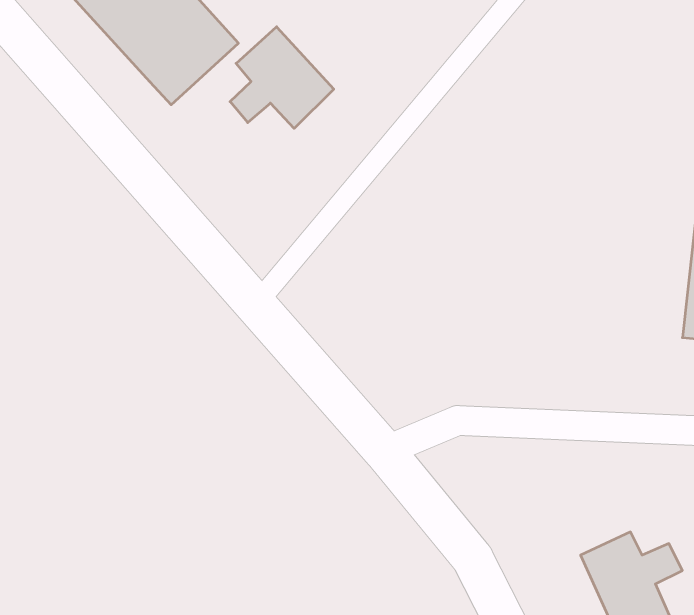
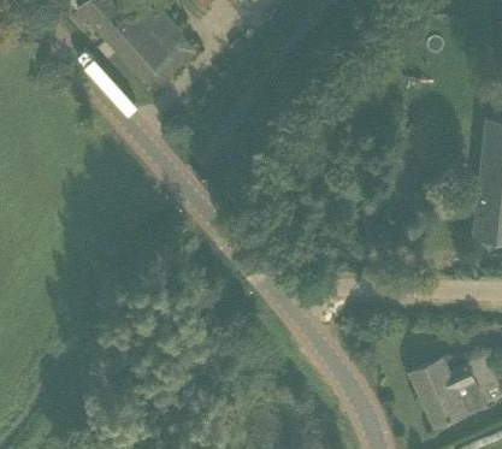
building: [230,27,334,128] -> none

